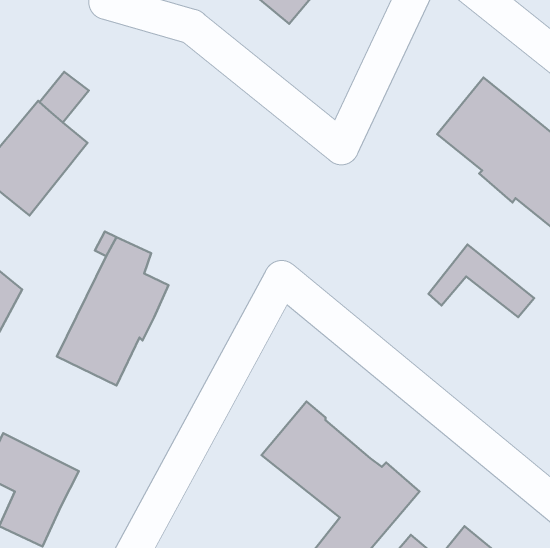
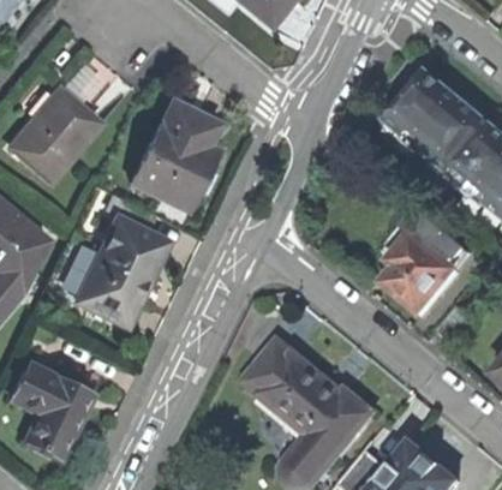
building: none -> [127,102,219,211]
building: none -> [383,234,458,313]

